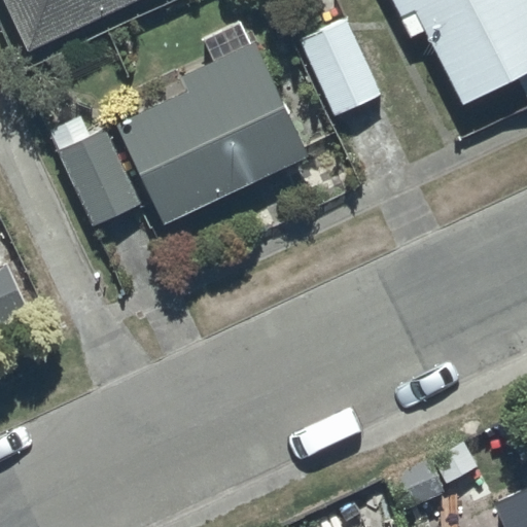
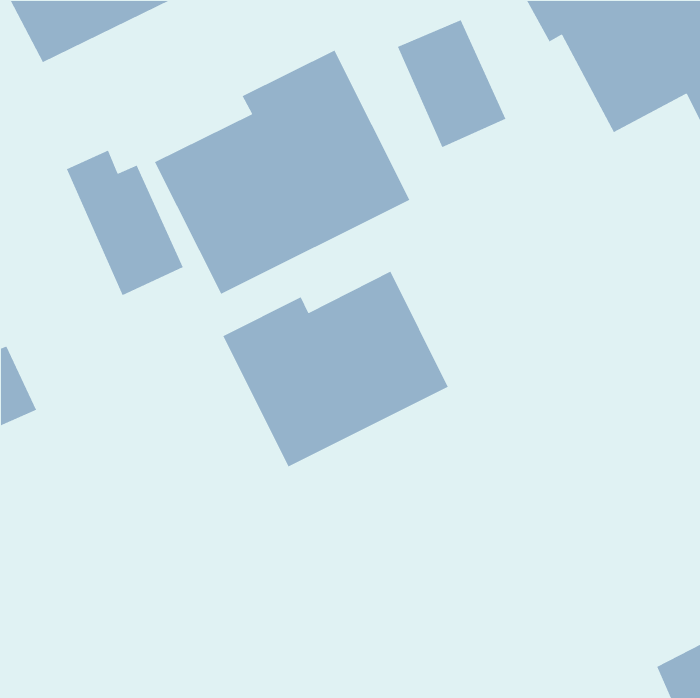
building: none -> [222,271,449,468]

